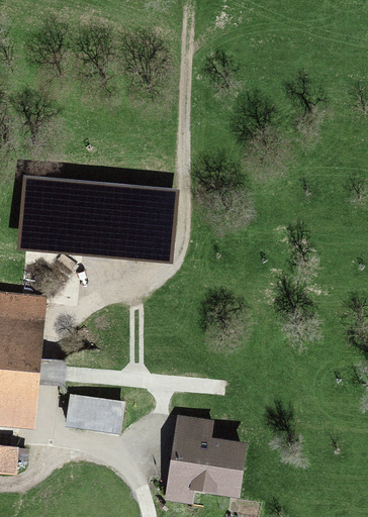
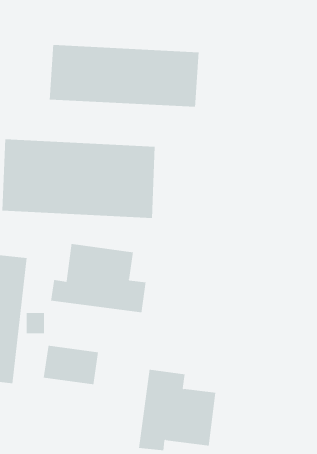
building: none -> [49,44,199,108]
building: none -> [50,243,146,313]

